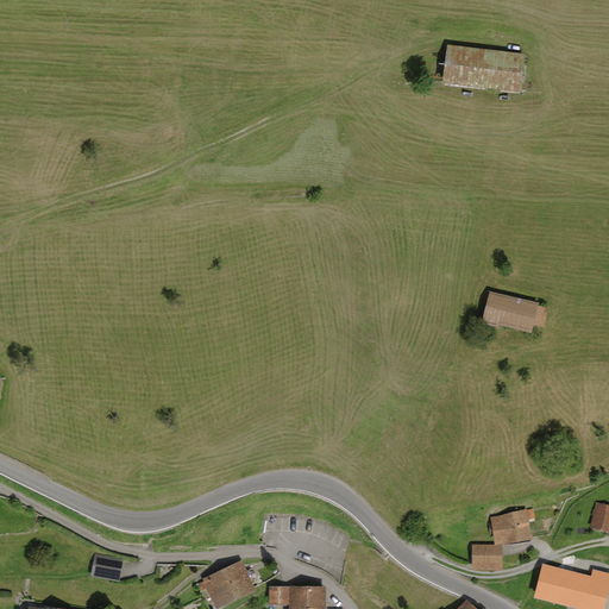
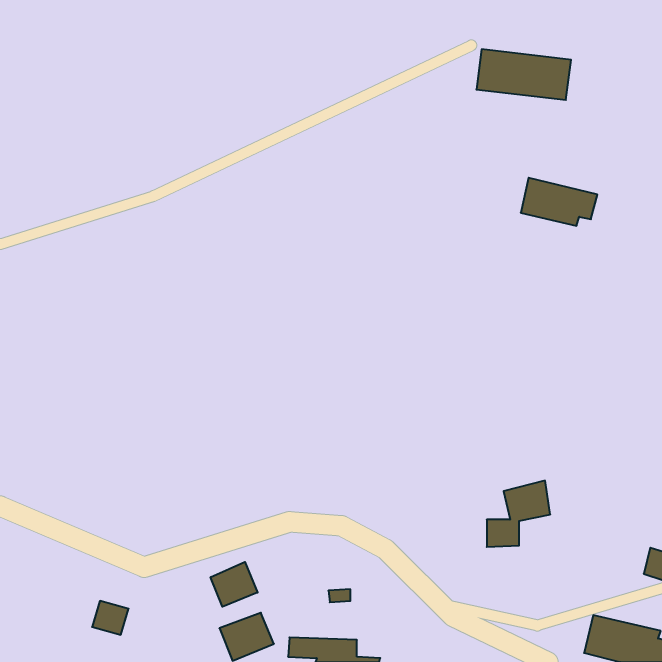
building: [481,289,551,333] -> [521,178,597,226]
building: [475,509,533,570] -> [487,481,550,547]
building: none -> [211,562,258,607]

